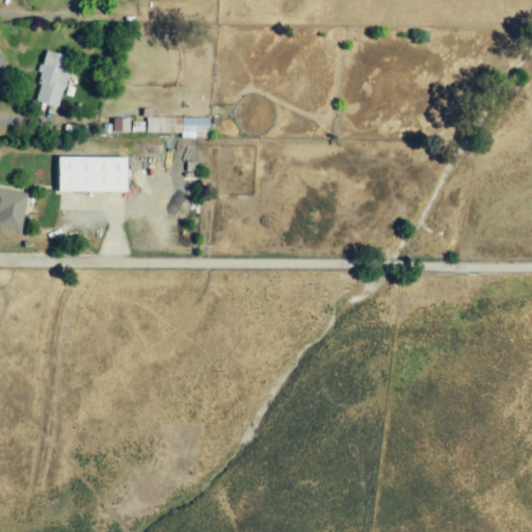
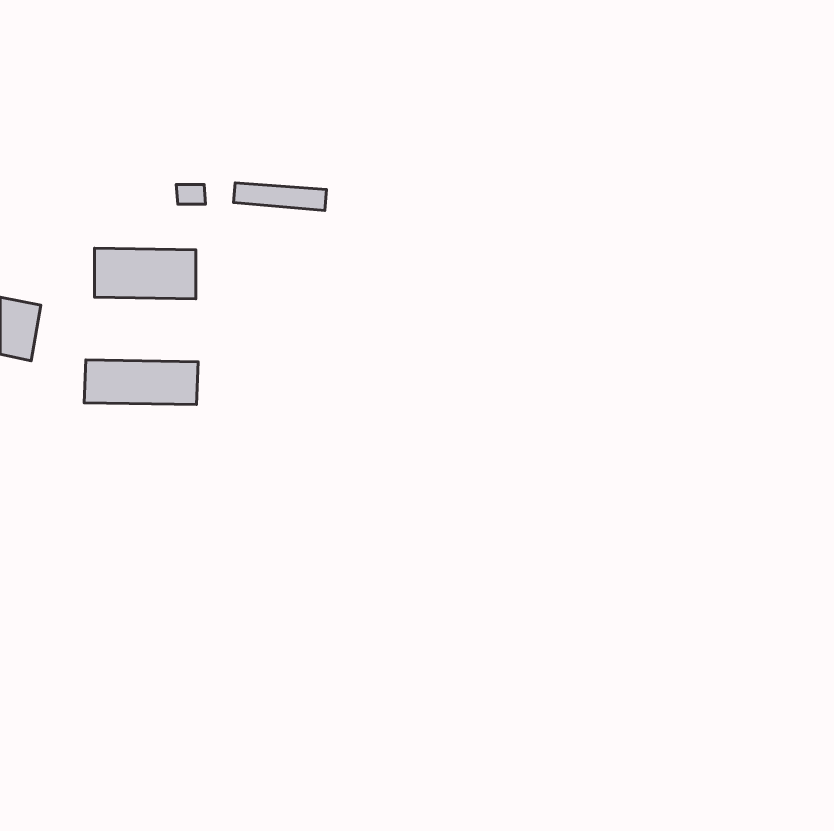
building: [38,53,65,104] -> none
building: none -> [84,360,198,405]

